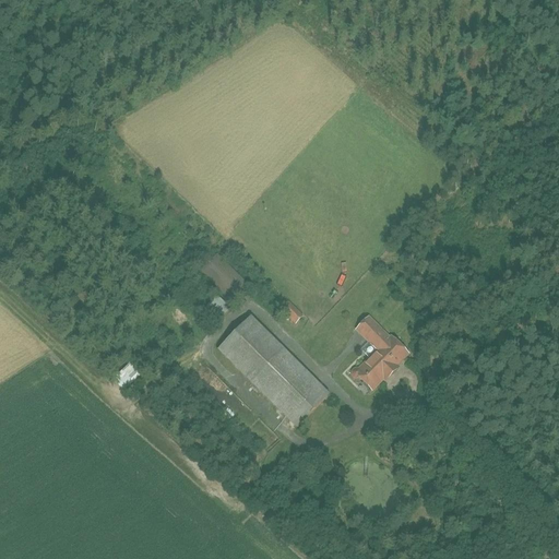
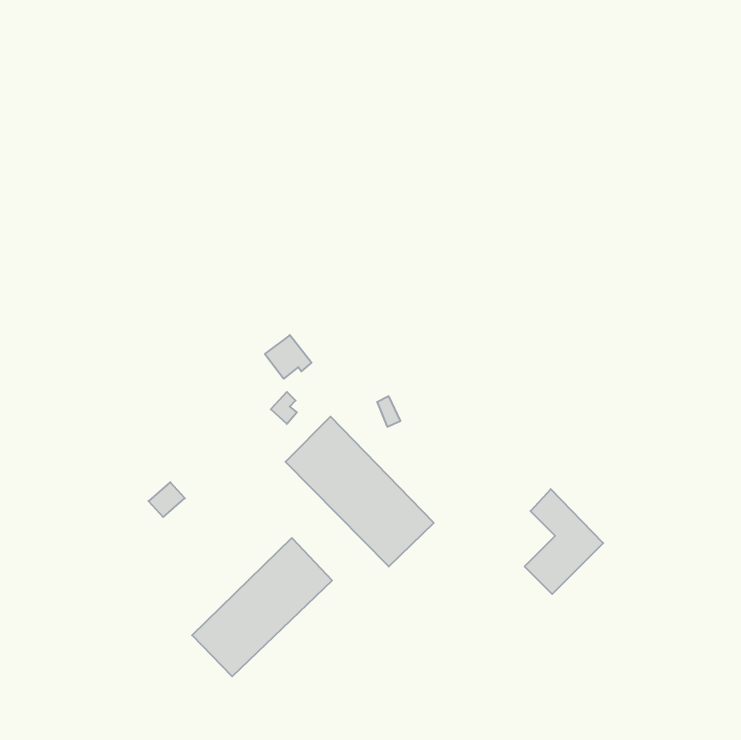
building: [350,311,409,390] -> [525,489,603,594]
building: none -> [192,538,332,676]

